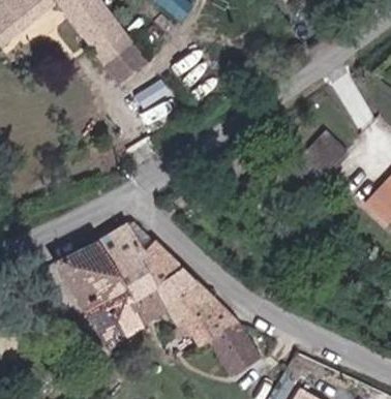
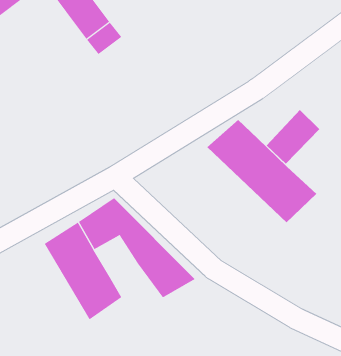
building: none -> [207,119,317,223]
building: [111,258,155,302] -> none
building: [181,303,262,374] -> none

